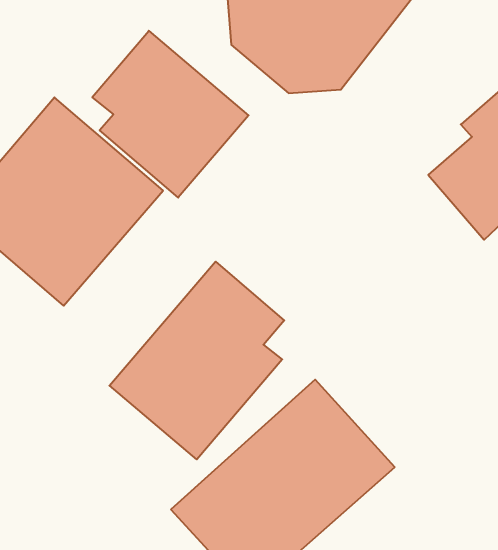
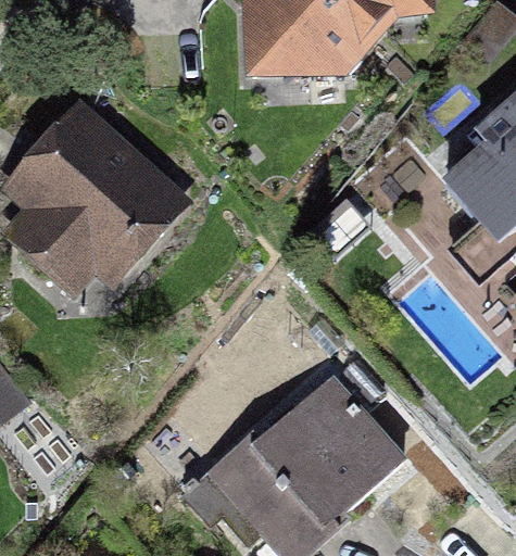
building: [92,31,249,198] -> none
building: [109,262,284,459] -> none

